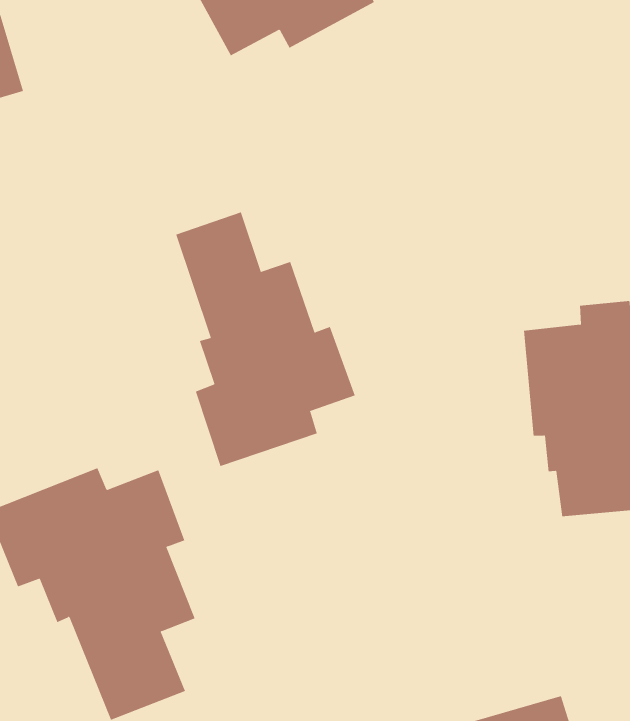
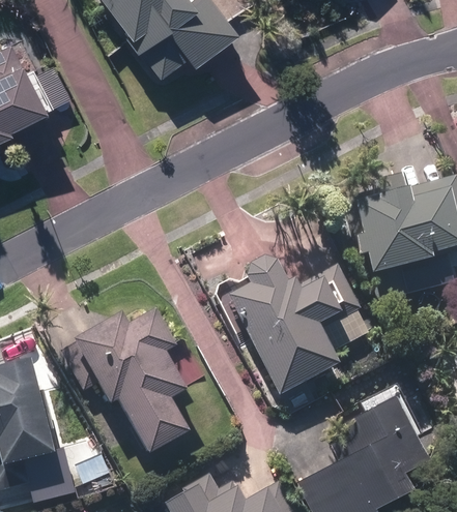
building: [176,211,356,467] -> none
building: none -> [229,257,360,408]

